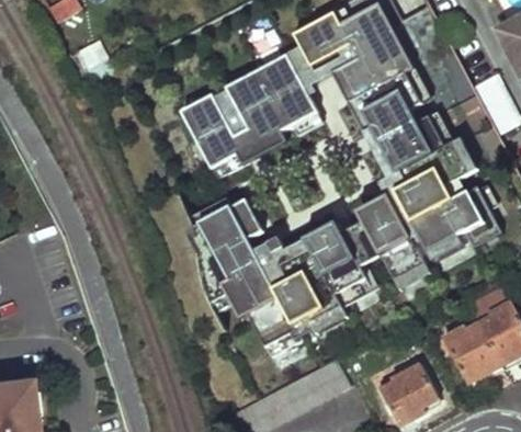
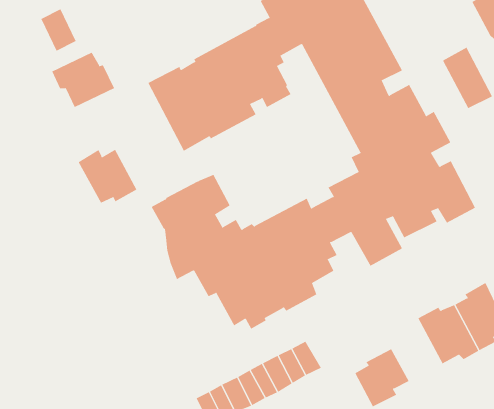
building: none -> [52,52,115,108]
building: none -> [78,149,137,204]

